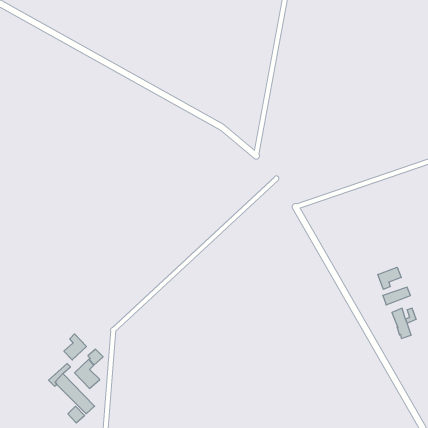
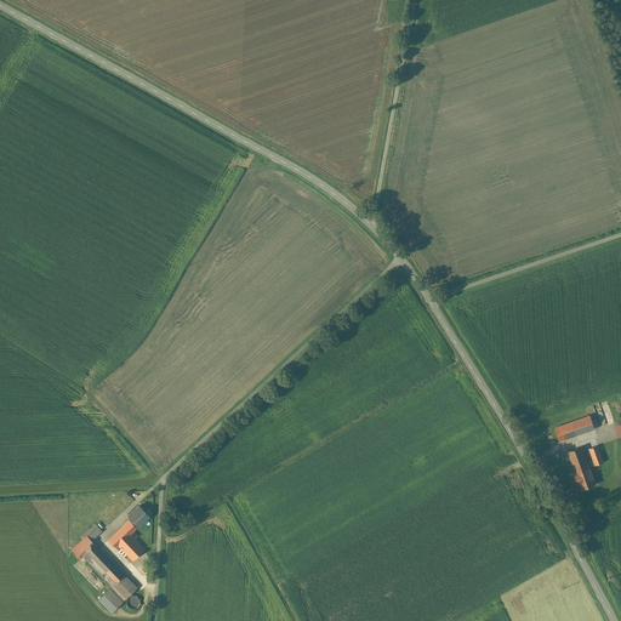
building: [378,267,401,289] -> none
building: [64,334,86,360] -> none

